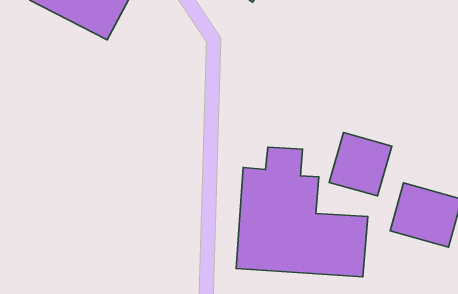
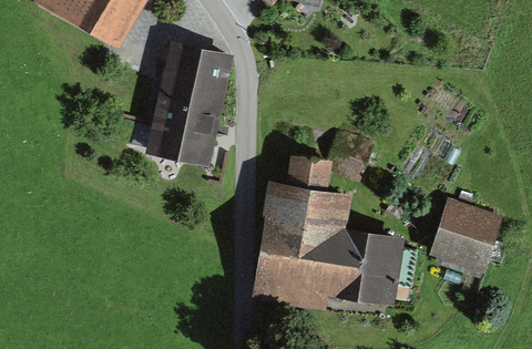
building: none -> [144,40,232,166]
building: [329,133,392,196] -> none

